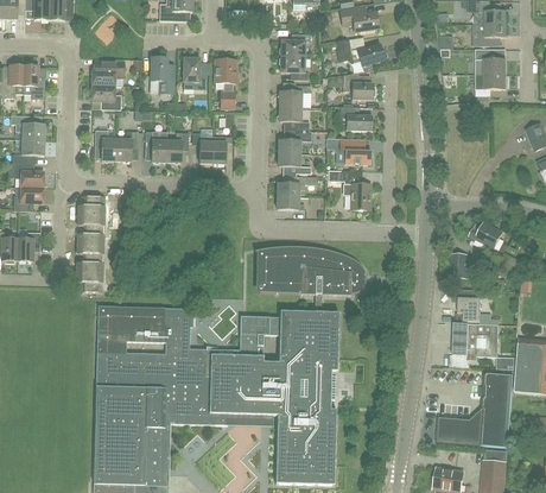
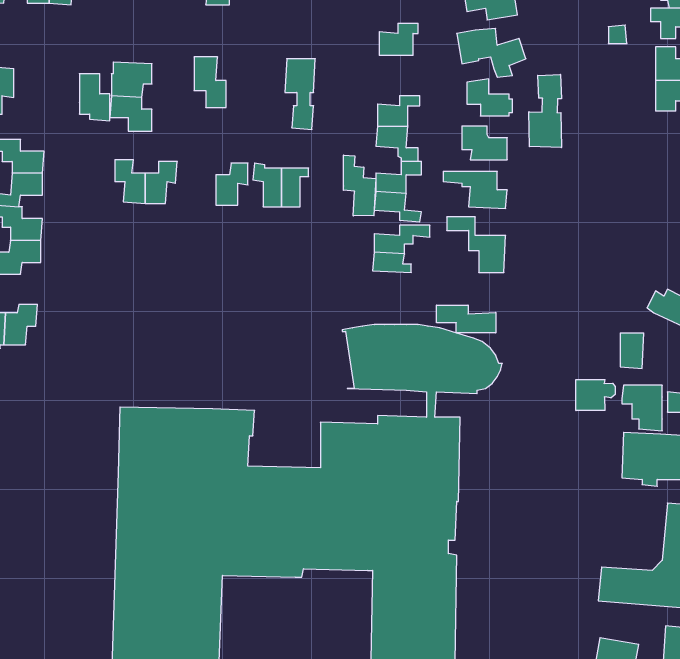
building: [279,56,307,80] -> none
building: [182,57,205,89] -> none
building: [23,65,44,99] -> [79,74,110,121]
building: none -> [529,74,561,148]
building: none -> [343,155,376,216]
building: [144,131,166,162] -> none
building: [75,196,109,292] -> none
building: none -> [437,305,496,333]
building: none -> [576,380,615,411]

